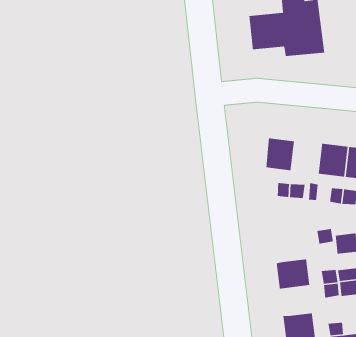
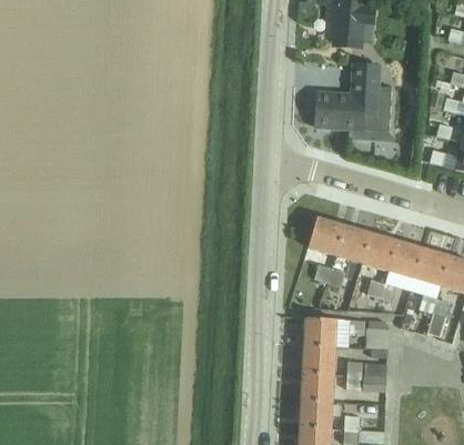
building: none -> [334,225,370,263]
building: none -> [303,316,336,346]
building: none -> [301,373,334,402]

